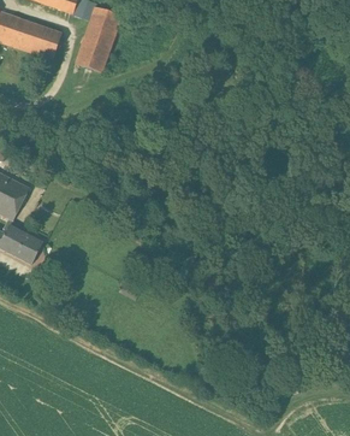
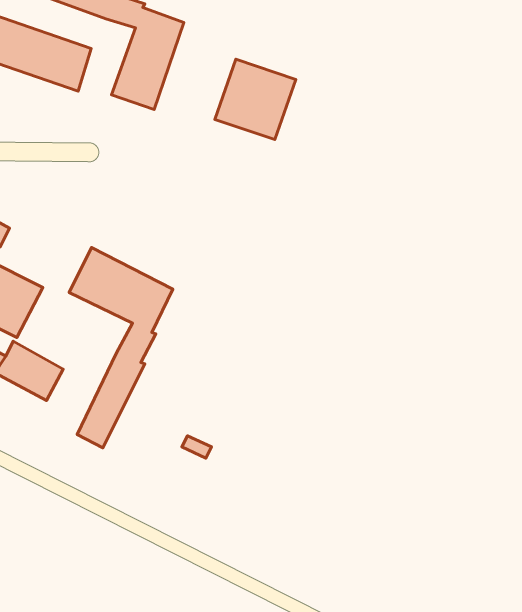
building: none -> [215,59,296,140]
building: none -> [69,248,173,448]

